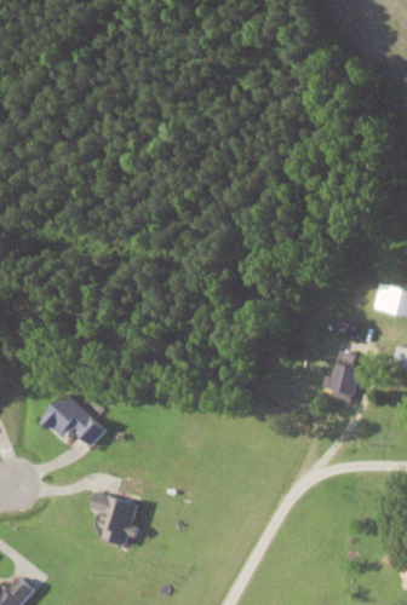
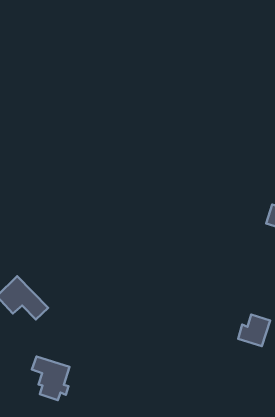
building: [321,362,360,401] -> [238,315,270,346]

